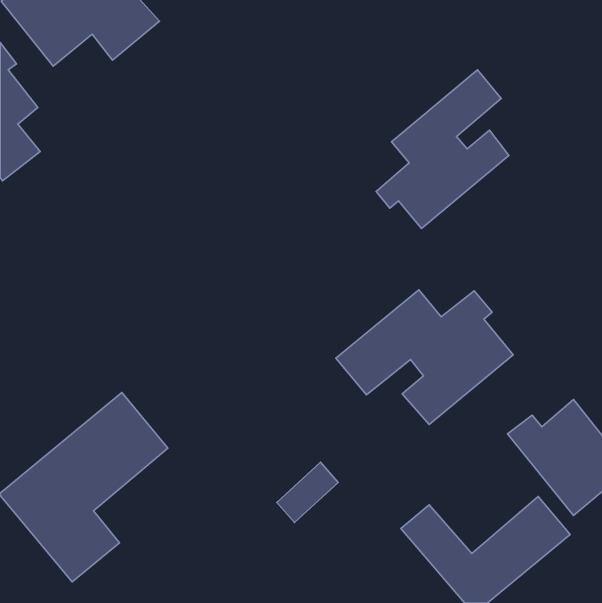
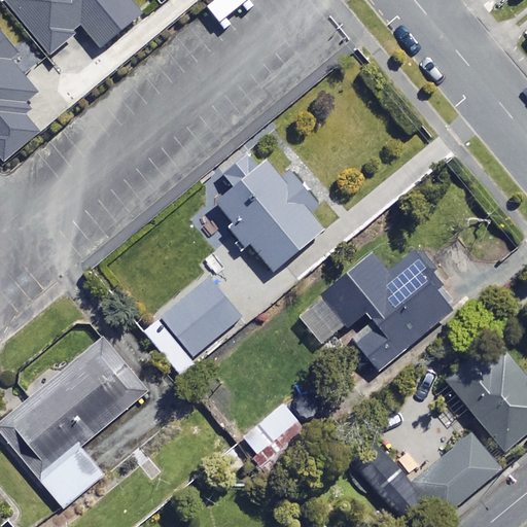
building: [376,70,509,228] -> none
building: none -> [216,152,327,272]
building: none -> [160,277,241,357]

